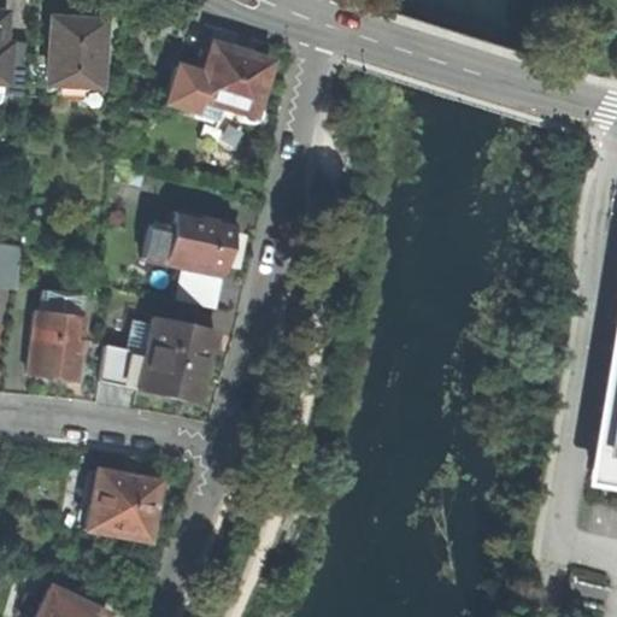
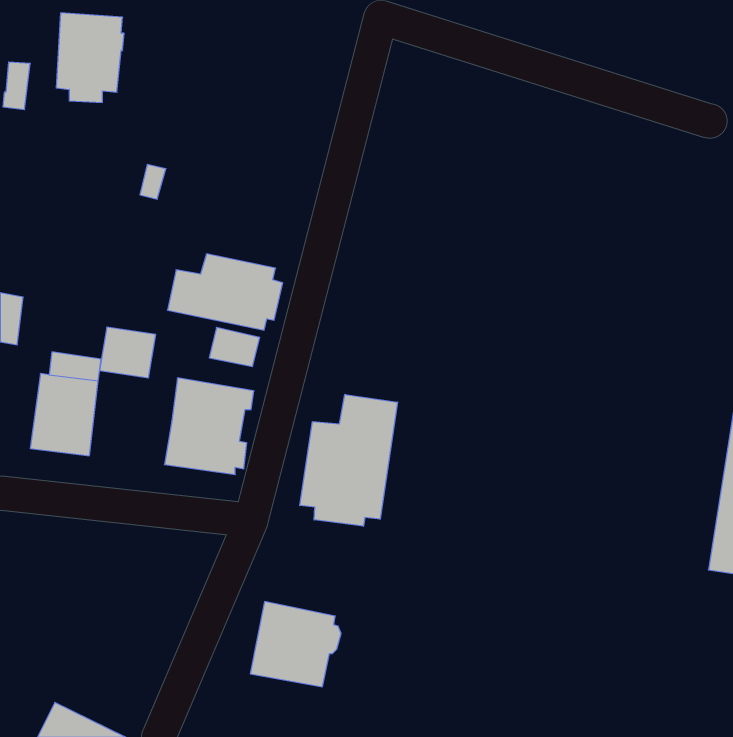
building: [165,45,270,123] -> none
building: none -> [300,394,398,526]
building: [100,346,147,388] -> [99,327,156,378]
building: [87,470,163,541] -> [250,602,341,687]

